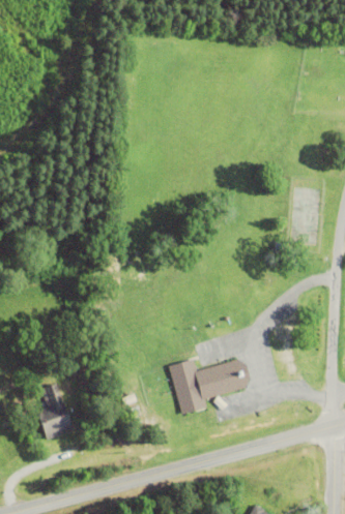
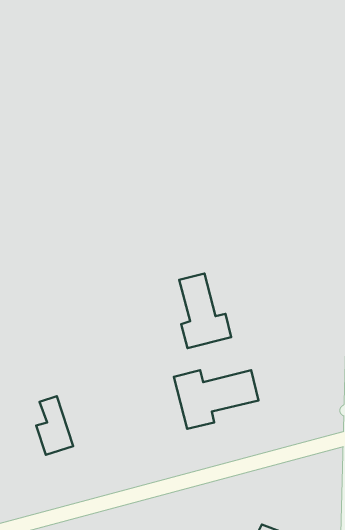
building: none -> [179,273,231,348]

